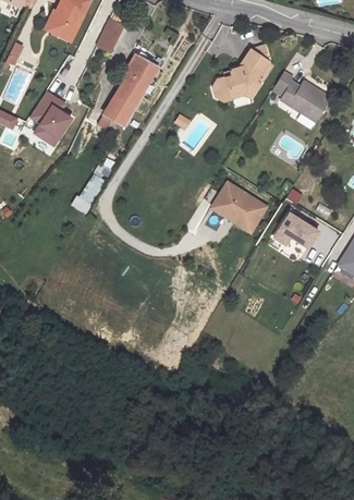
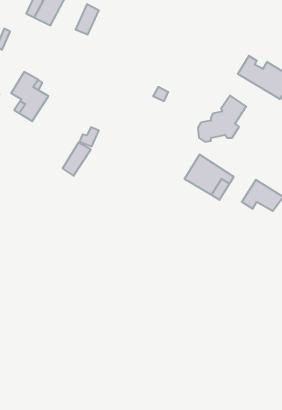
building: [215,53,267,103] -> [198,95,246,142]
building: [96,54,156,129] -> none

